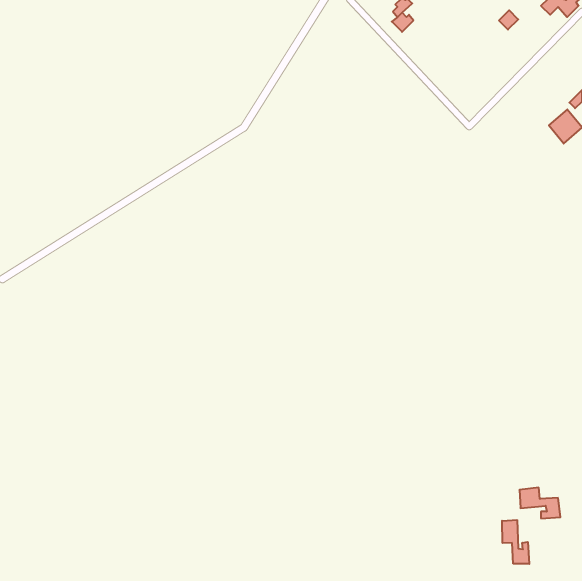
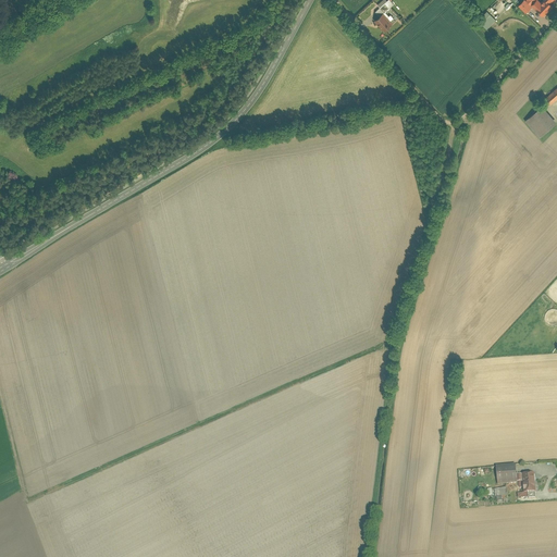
building: [502,520,529,564] -> none

